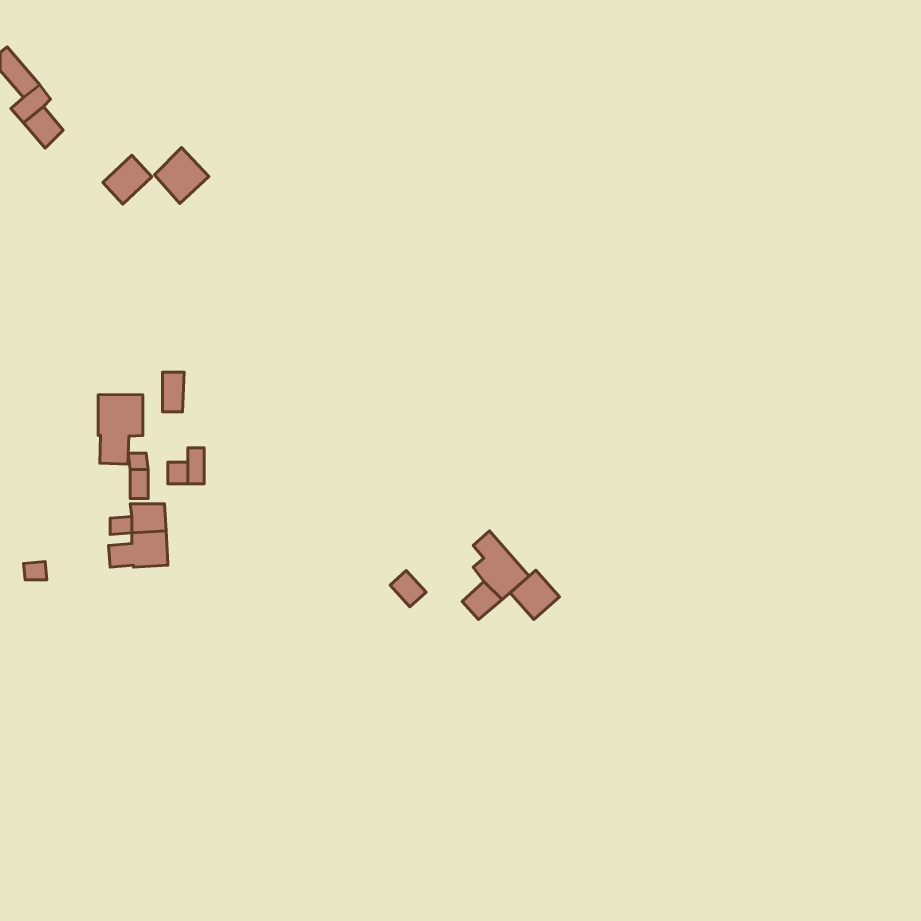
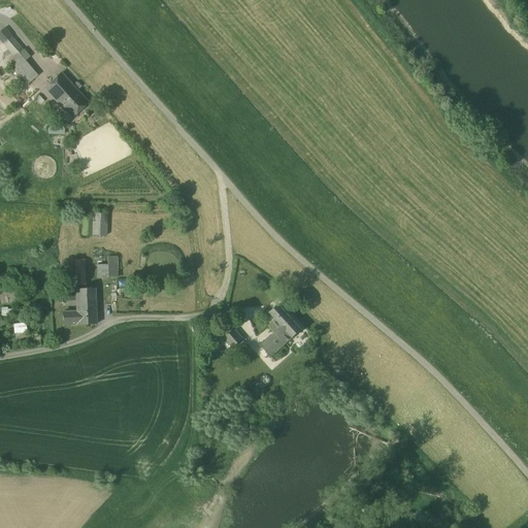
building: [155,148,209,204] -> [45,72,76,104]
building: [98,395,143,464] -> none
building: [510,570,560,619] -> none

